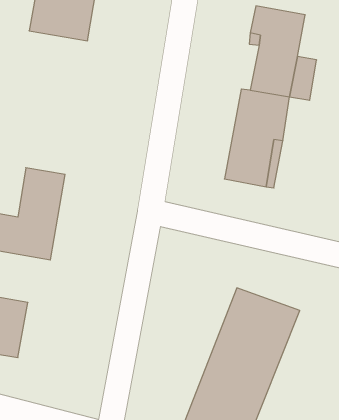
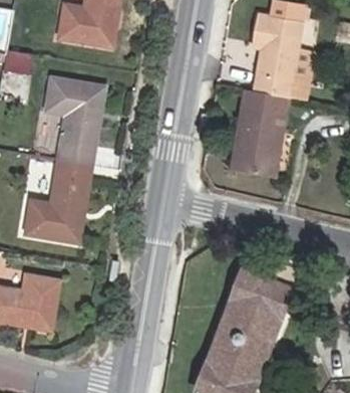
building: none -> [45,79,103,165]

